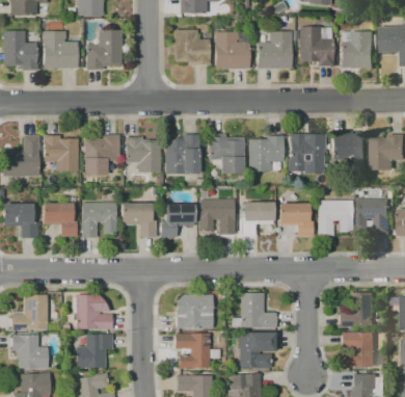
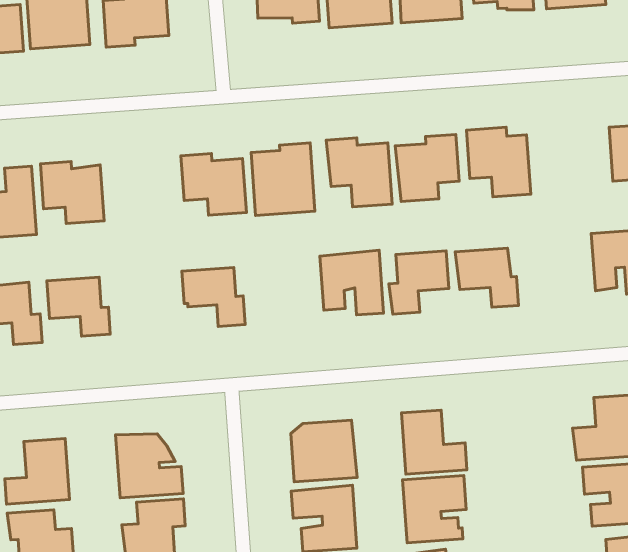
building: [333,131,368,169] -> none
building: [85,134,120,174] -> none
building: [318,200,352,236] -> none
building: [81,203,116,237] -> none
building: [160,204,194,236] -> none

